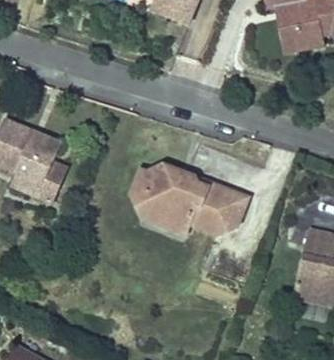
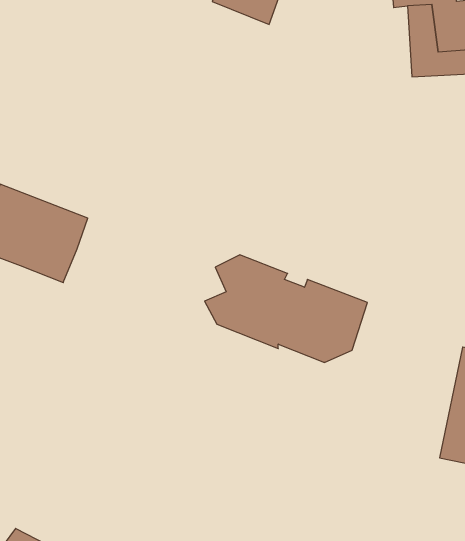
building: [15,163,71,204] -> none
building: [130,171,189,237] -> none

